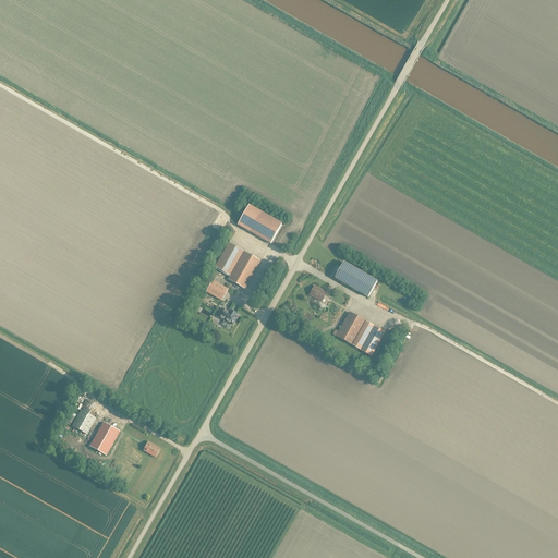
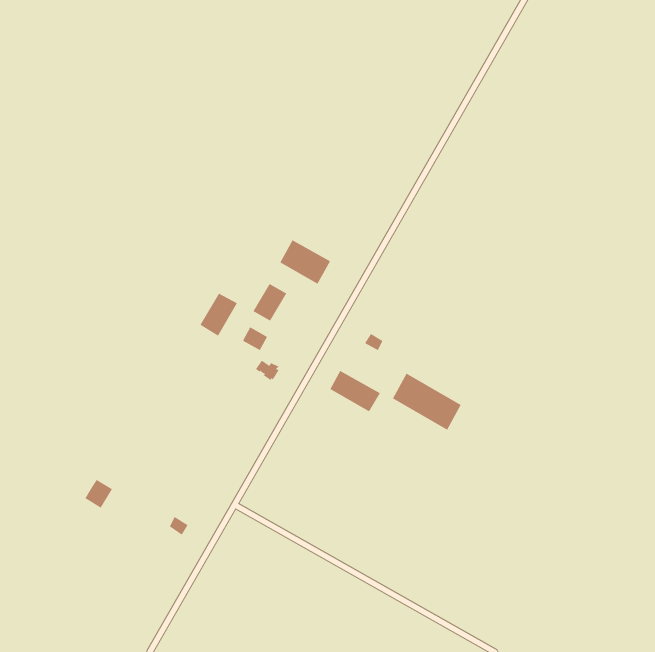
building: [228,250,260,287] -> [199,293,238,336]
building: [332,260,376,296] -> [330,370,381,412]
building: [89,421,120,453] -> none

